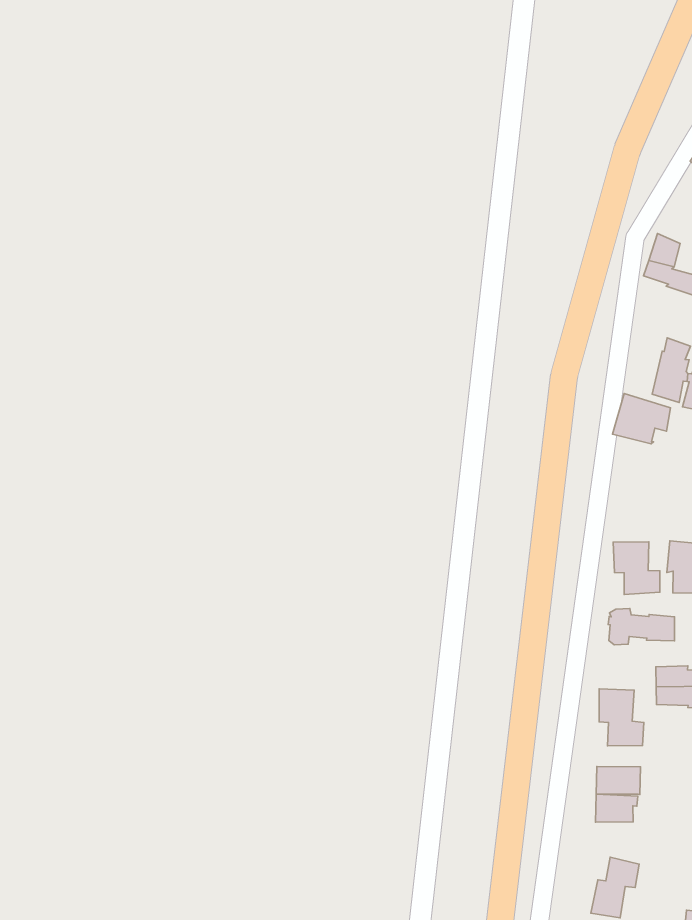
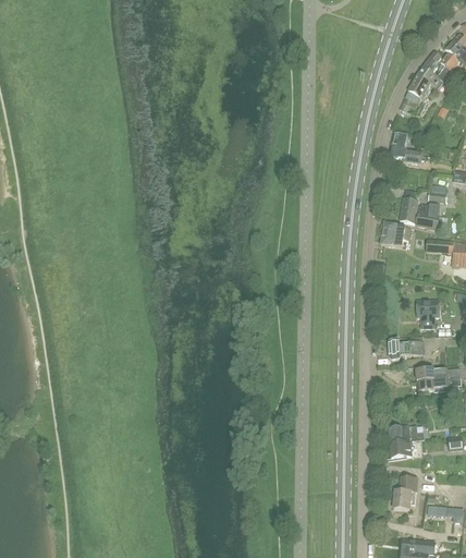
building: [613,542,660,594] -> none
building: [599,689,644,746] -> none

